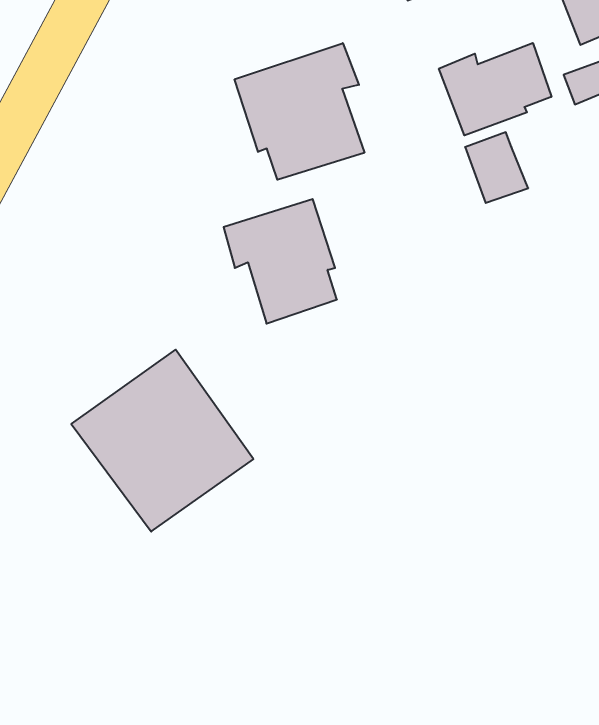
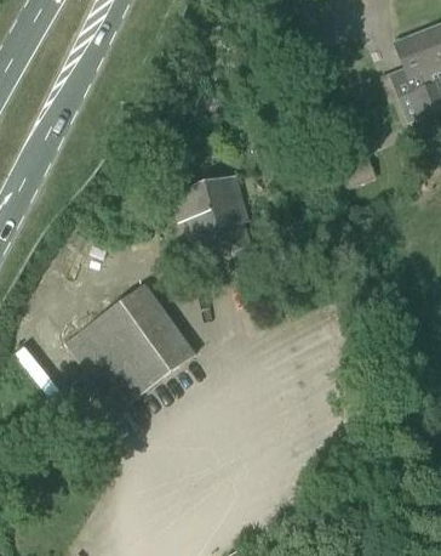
building: [439,43,551,135] -> none
building: [235,43,364,180] -> none

